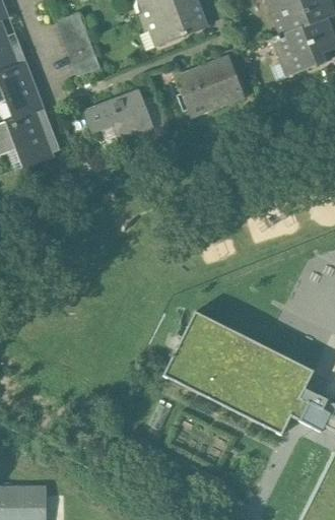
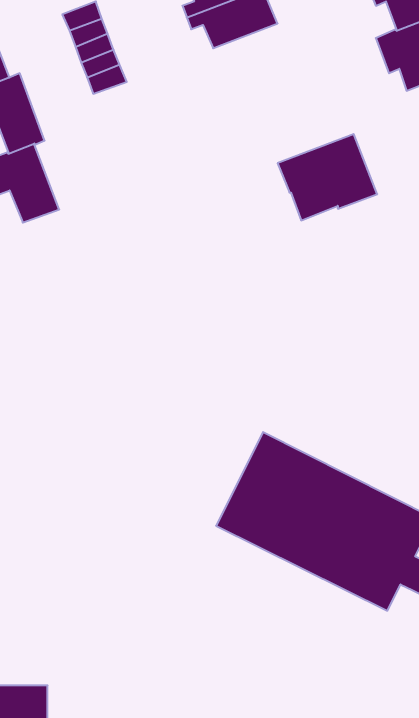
building: [177,57,246,117] -> [278,134,377,220]
building: [86,91,157,147] -> none

